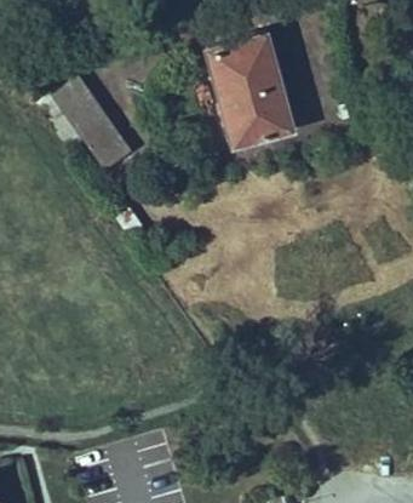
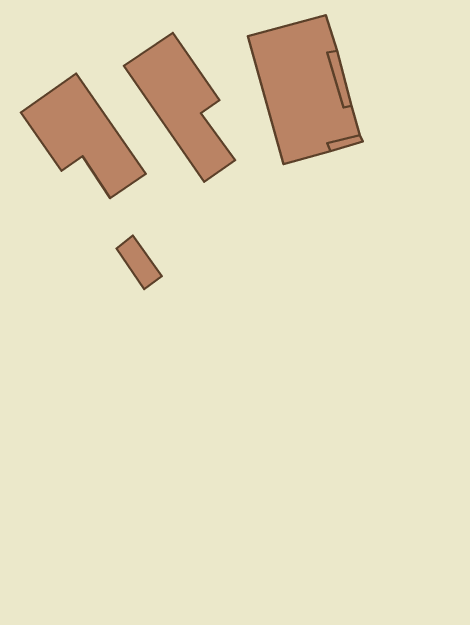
building: none -> [124,33,235,182]

